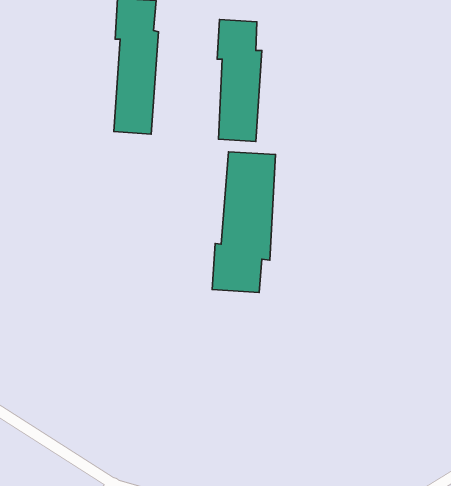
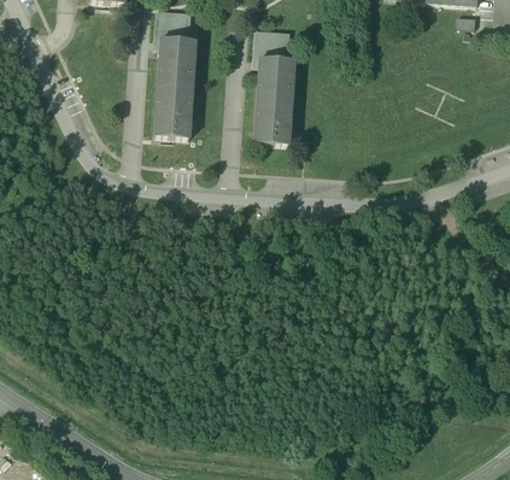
building: [212,152,276,292] -> none

